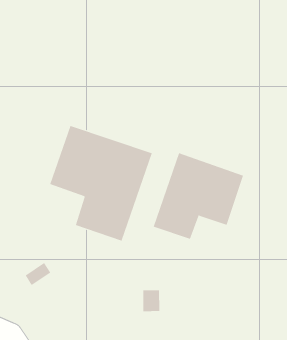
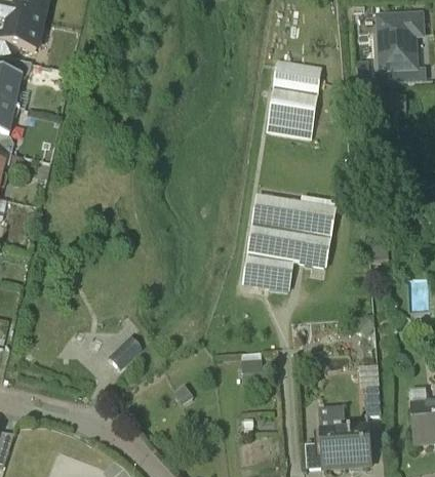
building: none -> [269,61,320,129]
building: [49,125,152,242] -> none

